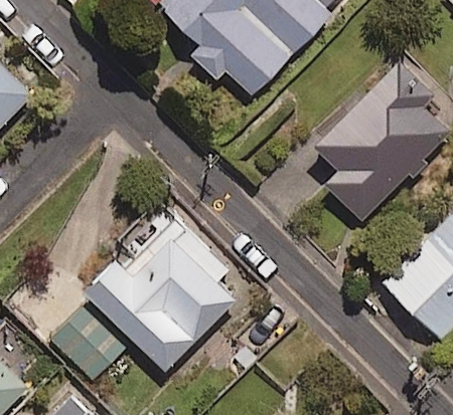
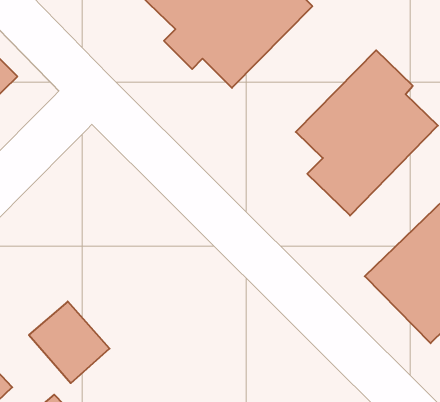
building: [85,213,253,368] -> none

